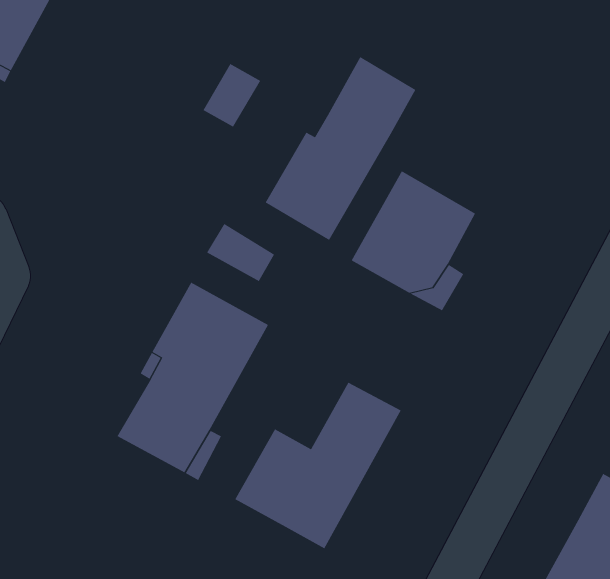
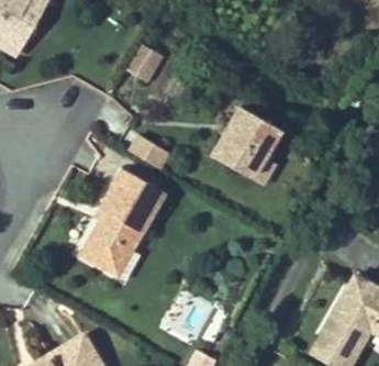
building: [265,56,416,241] -> none
building: [235,382,402,549] -> none

